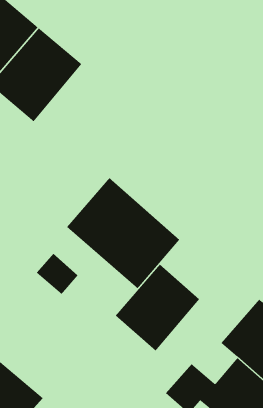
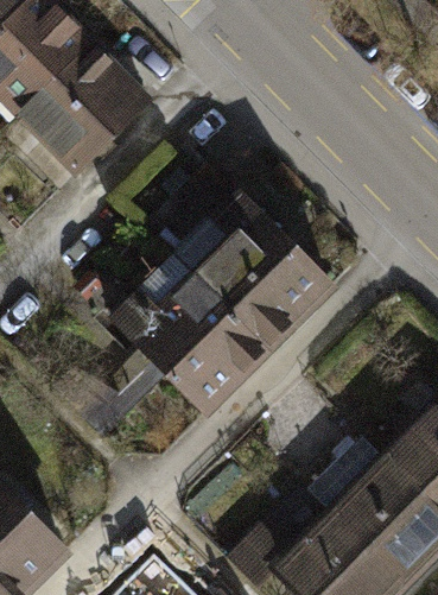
building: none -> [177,196,330,349]
building: [115,264,200,352] -> none

